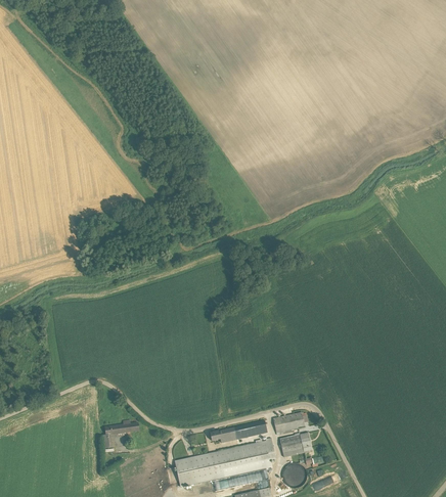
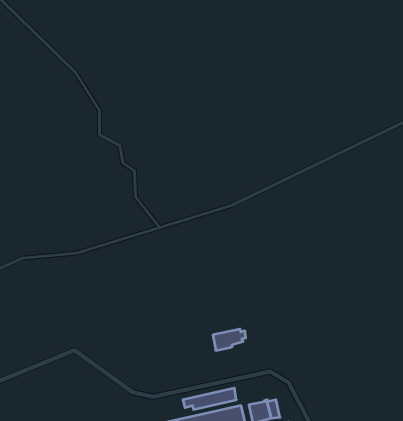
building: [273,412,308,435] -> [213,329,246,350]
building: [102,419,139,448] -> none

